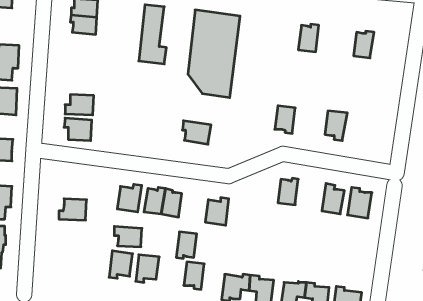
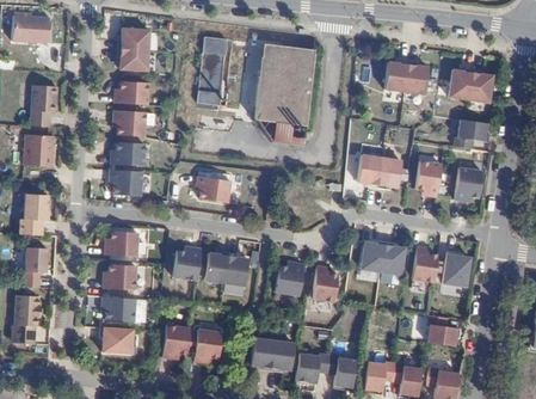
building: none -> [405,61,427,94]
building: none -> [468,69,492,102]
building: none -> [116,81,149,105]
building: none -> [115,111,147,136]
building: none -> [454,119,488,148]
building: none -> [377,158,401,189]
building: none -> [454,167,482,201]
building: [182,121,211,144] -> [197,176,230,203]
building: none -> [106,232,140,257]
building: none -> [381,241,405,275]
building: none -> [312,265,338,301]
building: [114,226,142,247] -> [104,296,136,320]
building: [176,232,197,258] -> [271,340,295,372]
building: none -> [427,314,460,345]
building: none -> [101,327,134,352]

